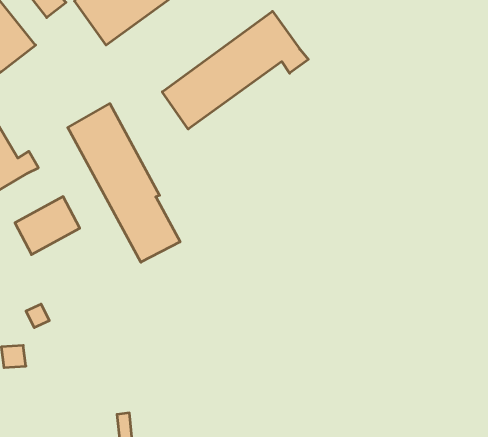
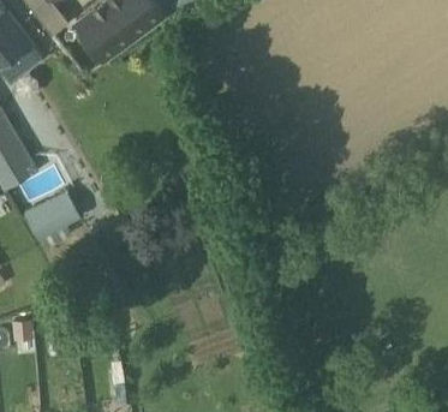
building: [162,11,308,129] -> none
building: [68,104,180,262] -> none

